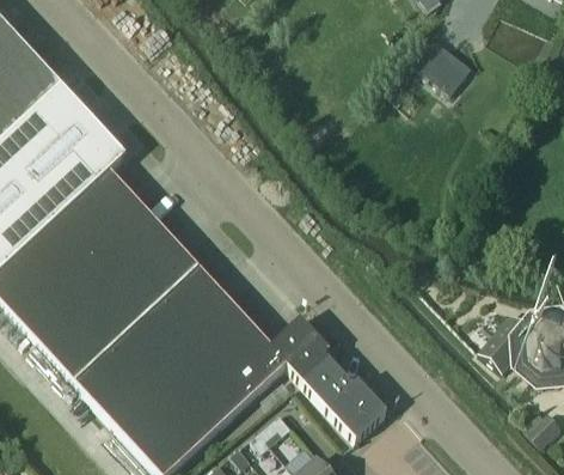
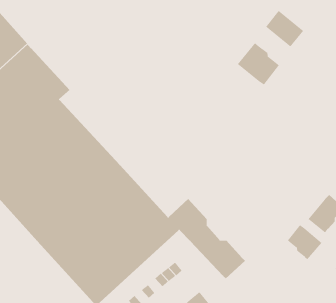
building: none -> [237,42,280,85]
building: none -> [287,224,323,260]

